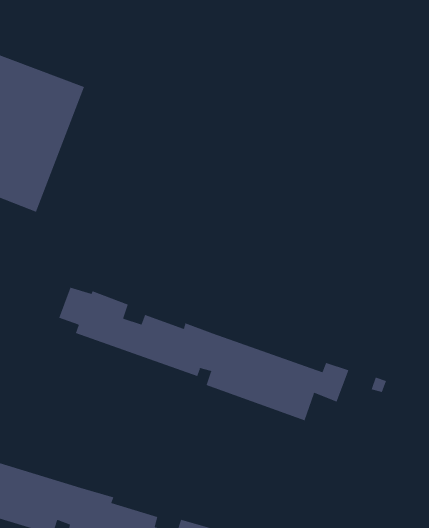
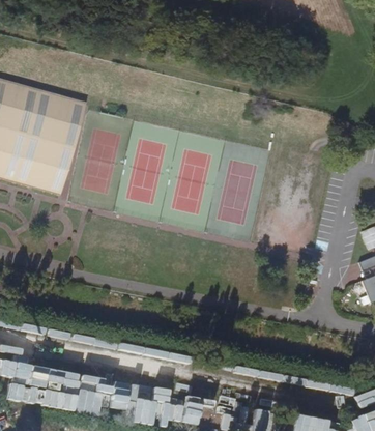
building: [59,287,349,421] -> none

